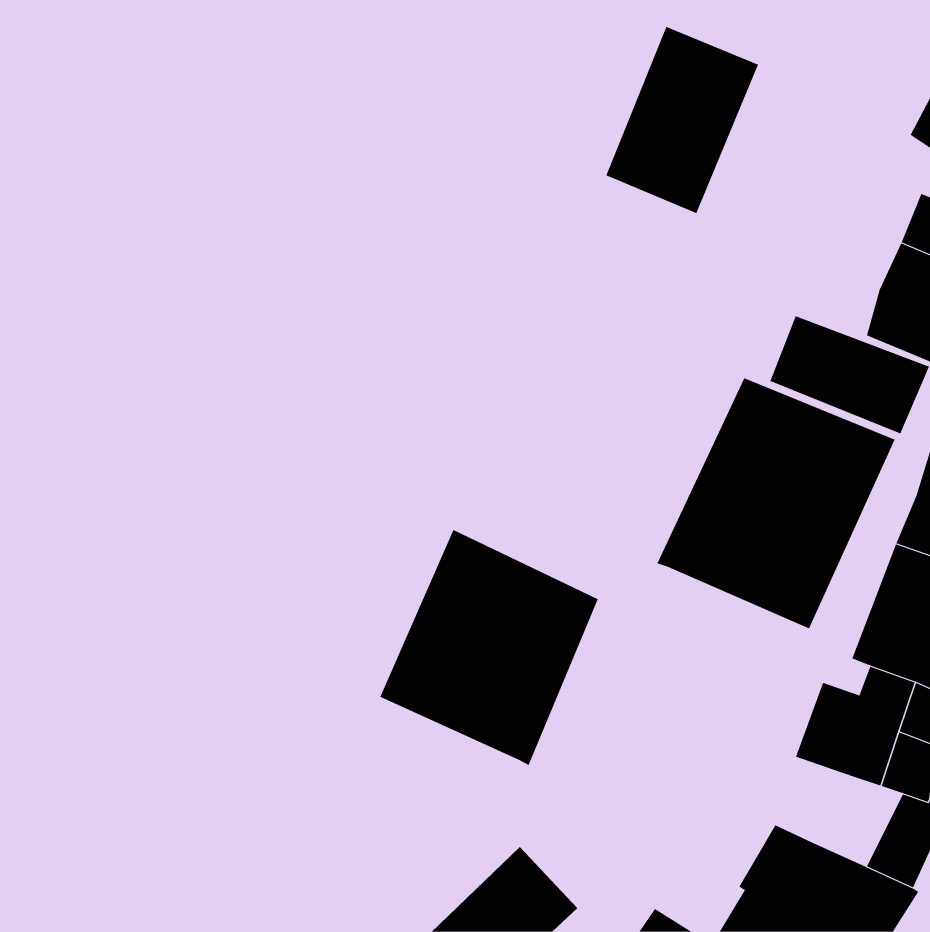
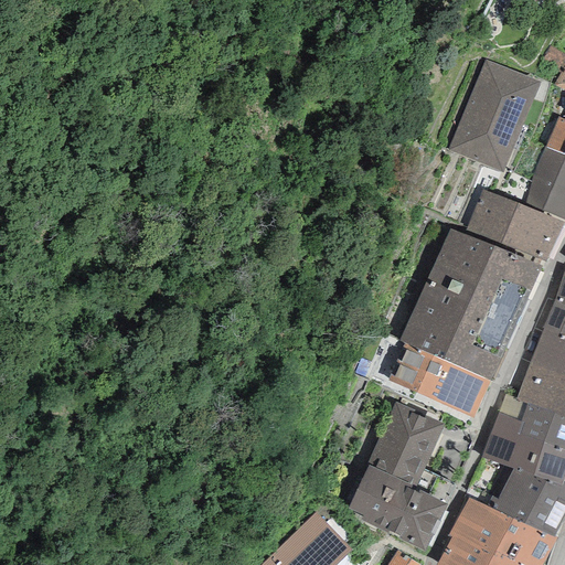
building: [606,26,759,214] -> [448,60,541,173]
building: [379,529,599,766] -> none
building: none -> [390,343,491,418]
building: none -> [349,402,448,552]
building: none -> [493,469,547,524]

